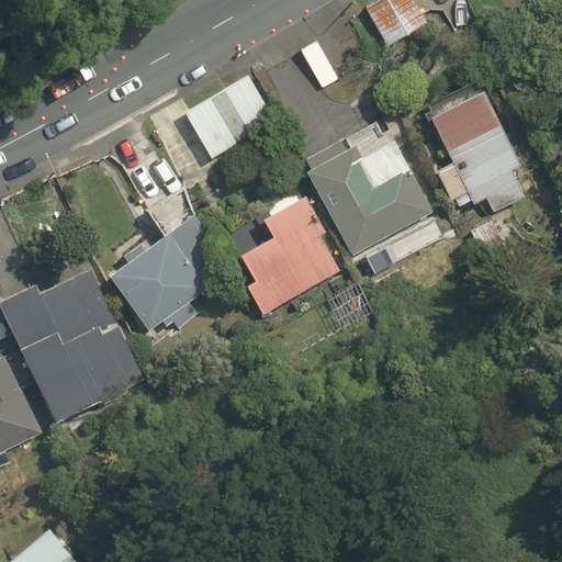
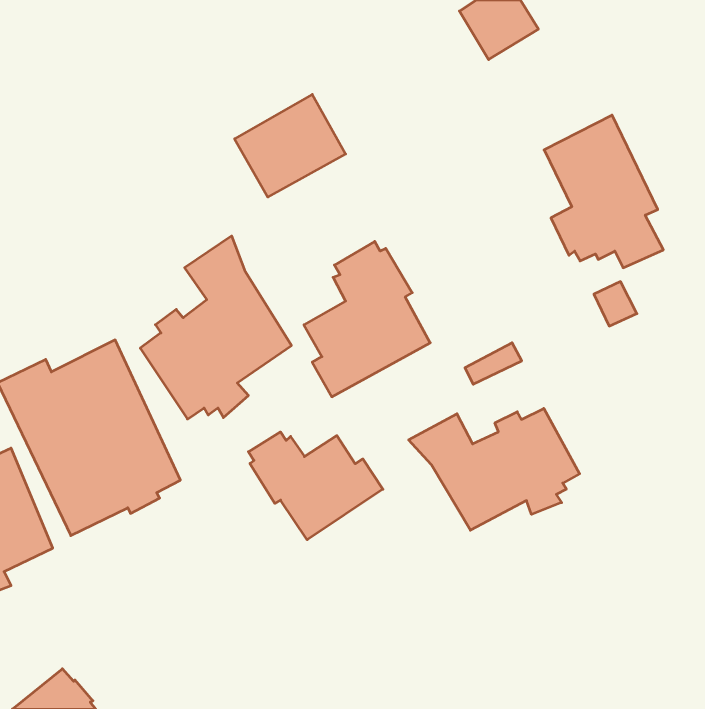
building: [304,138,431,256] -> none
building: none -> [409,408,580,530]
building: none -> [248,432,383,540]

